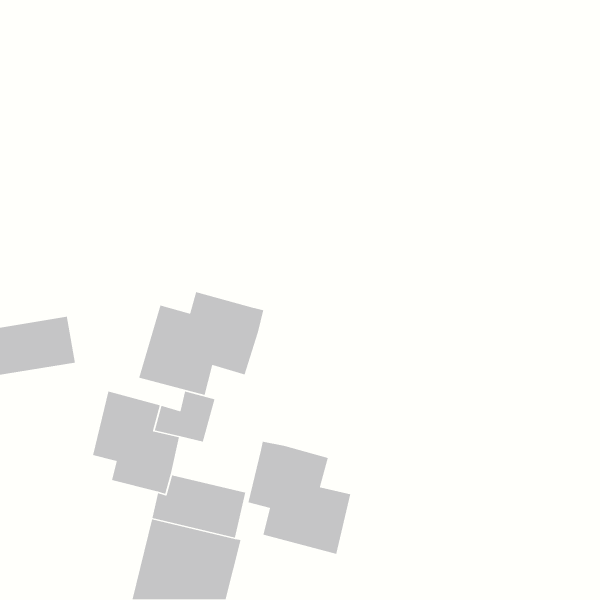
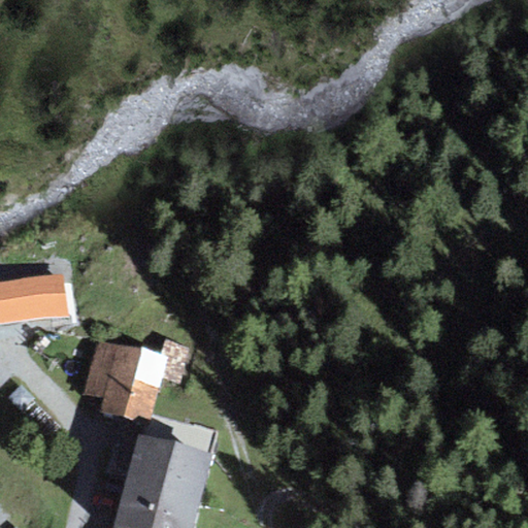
building: [138,291,264,396] -> none
building: [248,441,351,555] -> none

